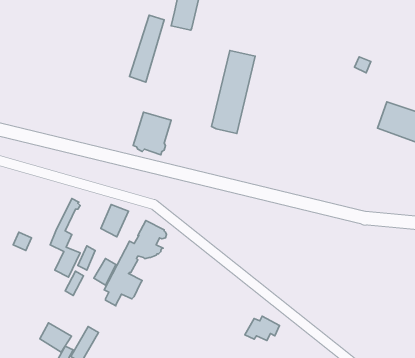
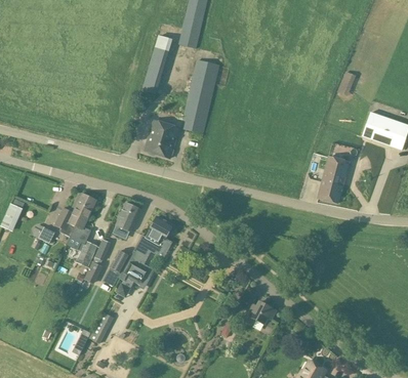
building: [211,51,255,134] -> [180,59,219,133]
building: none -> [318,155,351,203]
building: none -> [55,194,90,239]
building: [40,323,72,352] -> none

